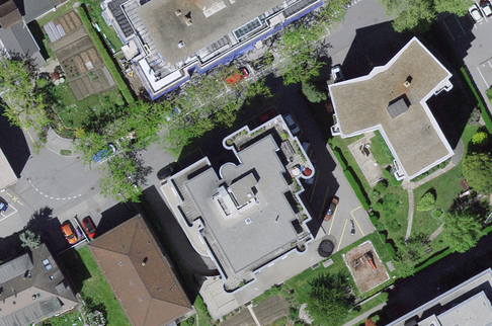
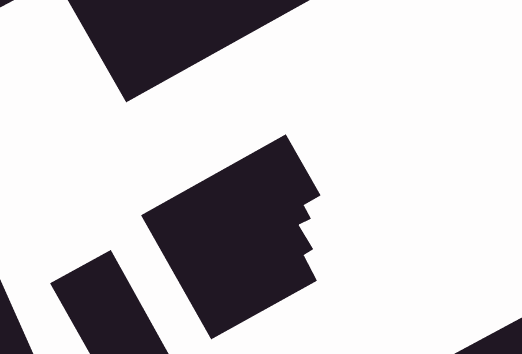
building: [333,43,454,178] -> none

